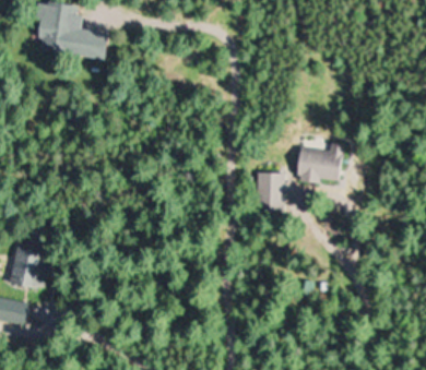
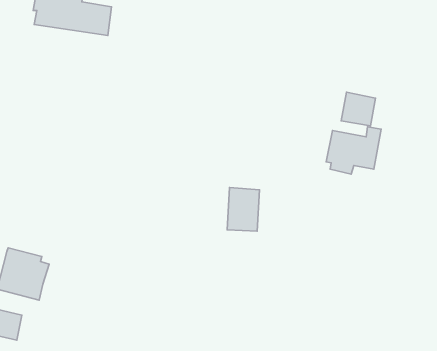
building: none -> [341,92,375,126]
building: [255,170,283,208] -> [227,187,260,231]

